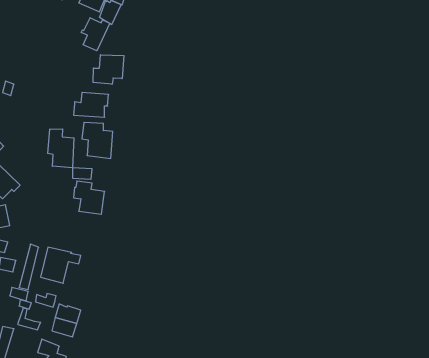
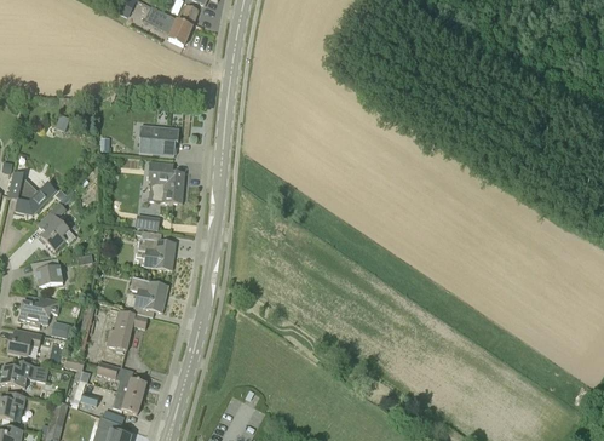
building: [81,18,110,51] -> none
building: [93,55,124,84] -> none
building: [48,129,74,168] -> none
building: none -> [130,277,168,317]

